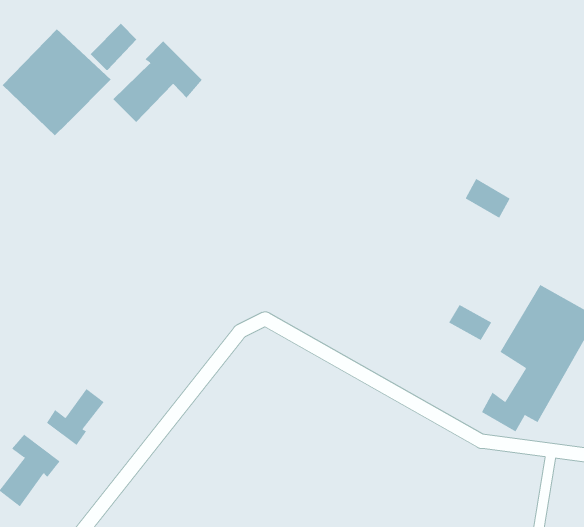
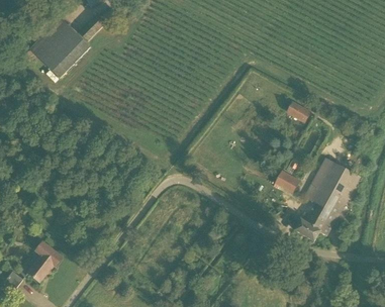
building: [112,40,203,123] -> none
building: [46,388,105,446] -> none

